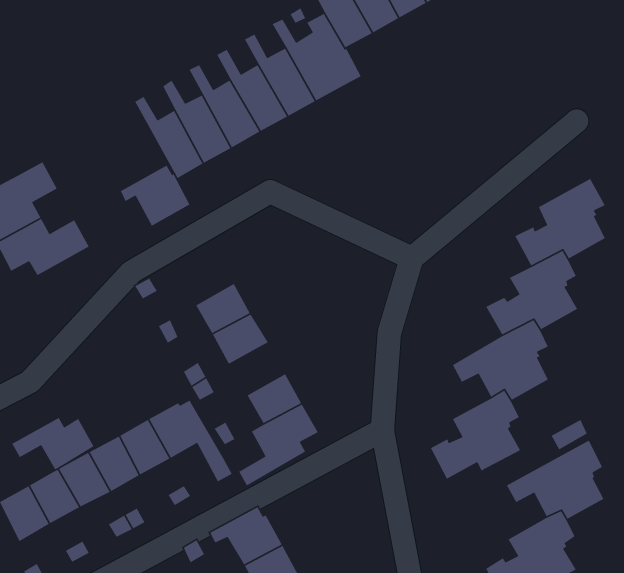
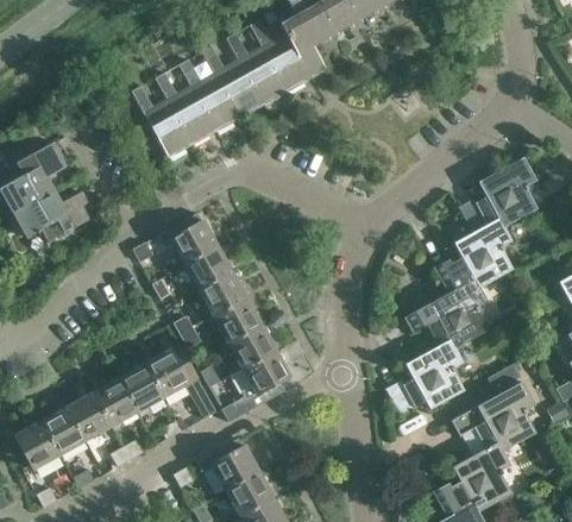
building: [120,165,191,227] -> [157,213,218,266]
building: none -> [213,298,262,344]
building: [11,417,95,471] -> none

